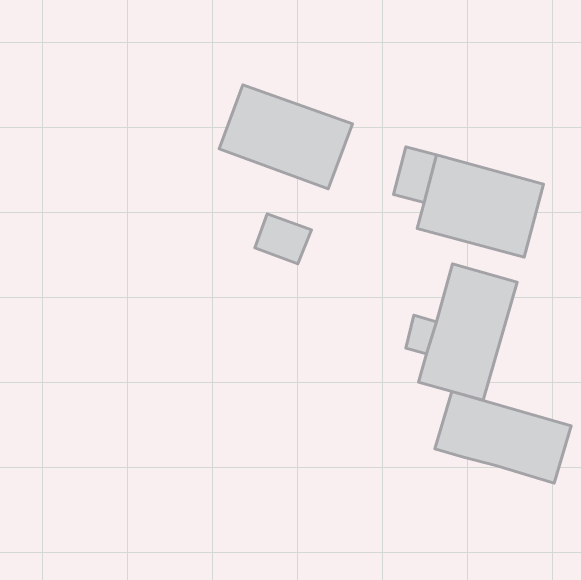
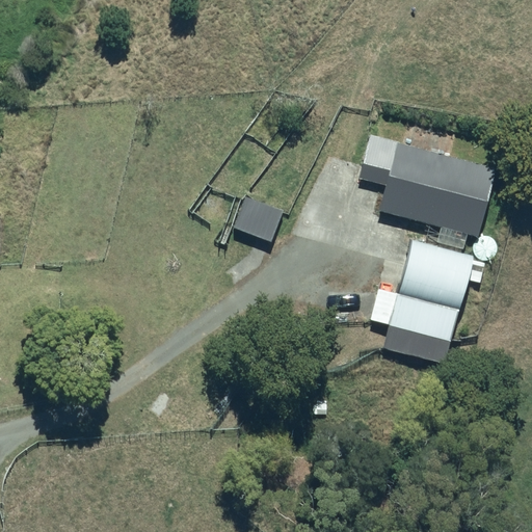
building: [219,85,353,189] -> none
building: [435,392,571,483] -> none

